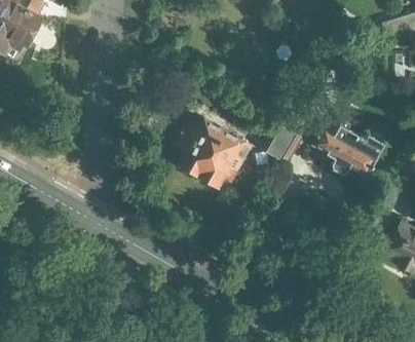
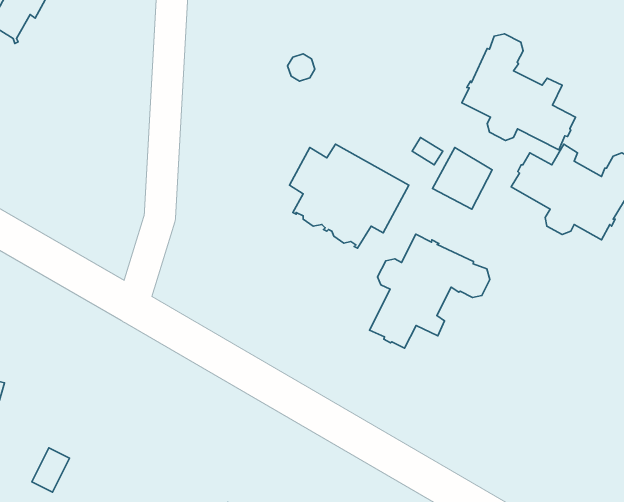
building: none -> [462,34,576,150]
building: none -> [370,234,490,348]

